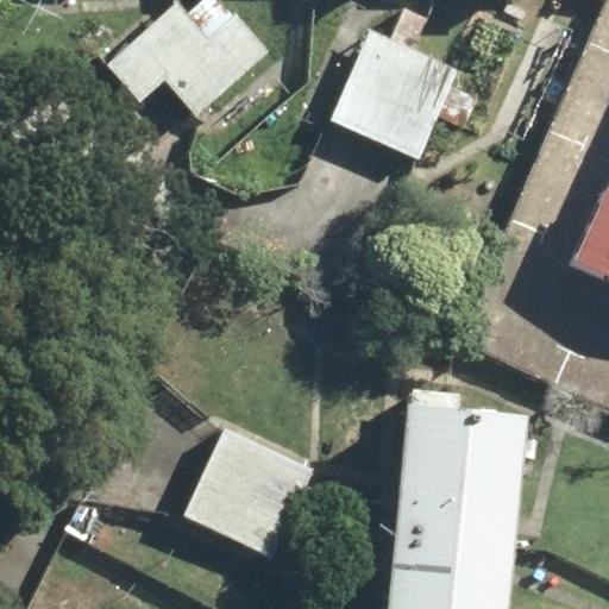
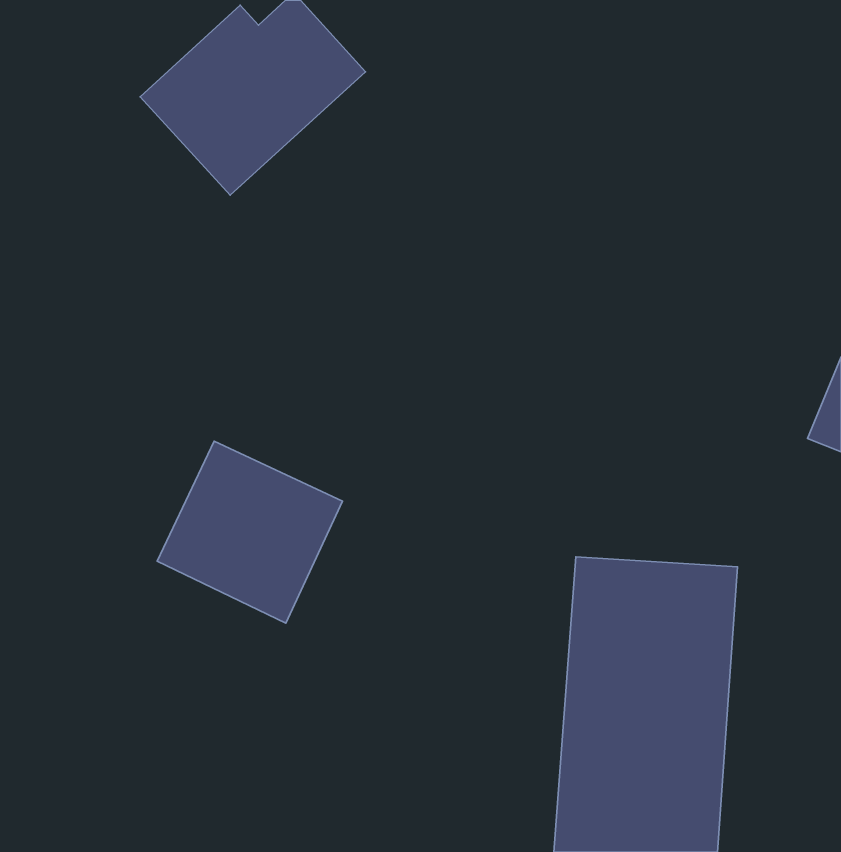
building: [329,36,453,157] -> none
building: [181,427,313,557] -> [157,441,343,623]

